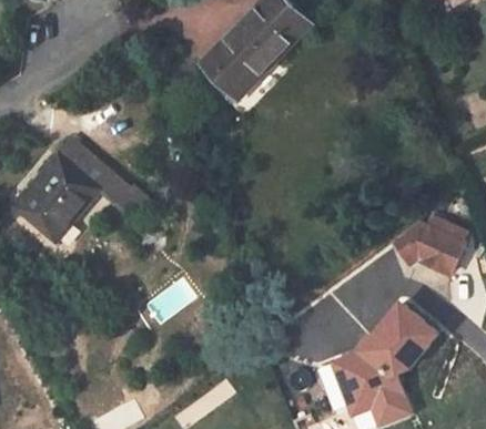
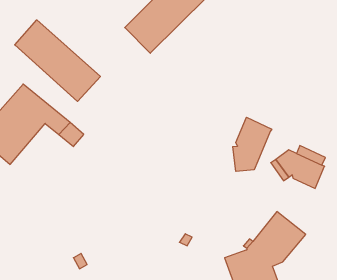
building: none -> [15,20,100,101]
building: none -> [233,117,272,171]

